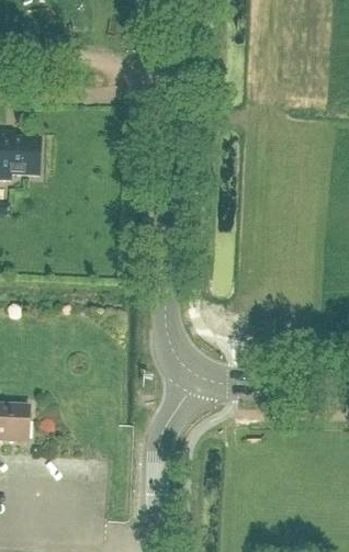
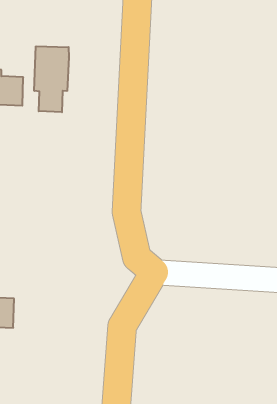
building: none -> [34,46,69,112]

